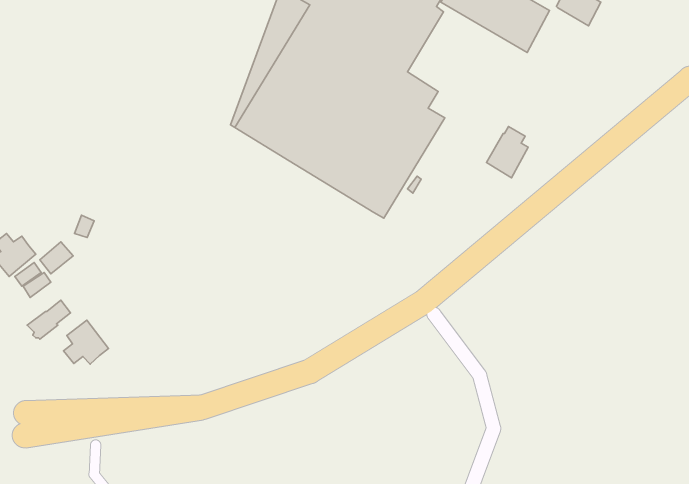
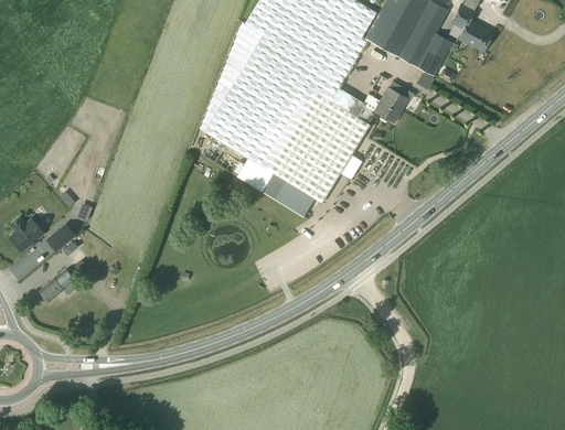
building: [486,126,528,178] -> [374,82,407,122]
building: none -> [236,160,313,216]
building: [63,320,109,364] -> none

